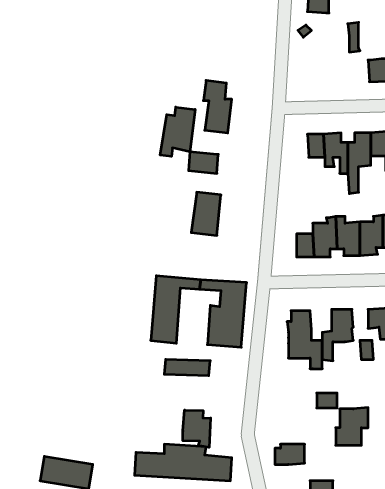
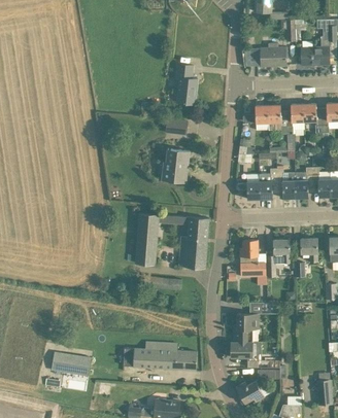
building: none -> [261,42,285,66]
building: [160,107,195,156] -> none
building: [336,408,368,445] -> [233,313,258,342]
building: [183,410,211,447] -> none

